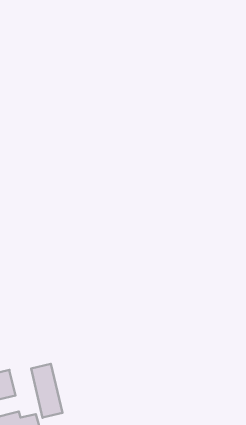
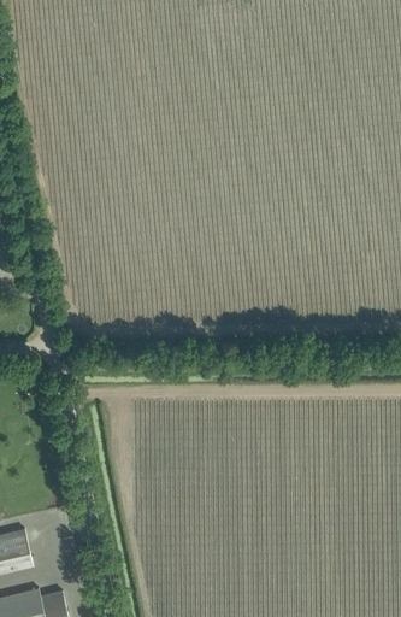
building: [31,364,63,418] -> none

